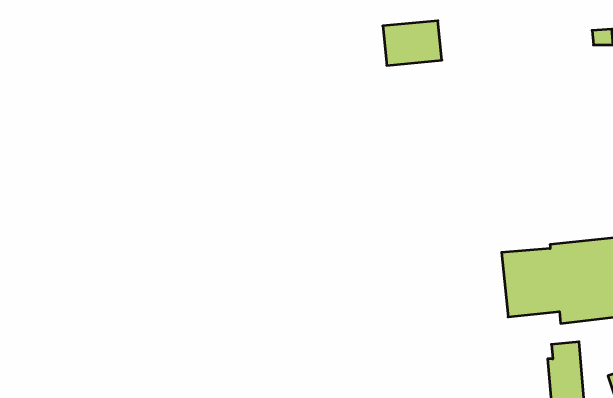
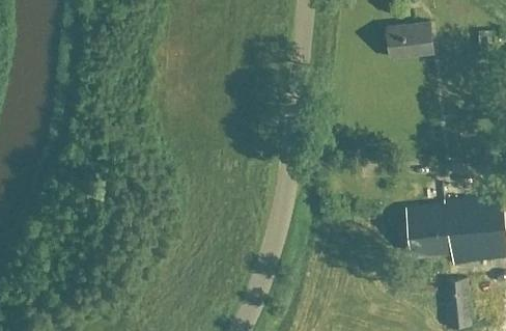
building: [383,21,442,65] -> [388,22,434,57]

